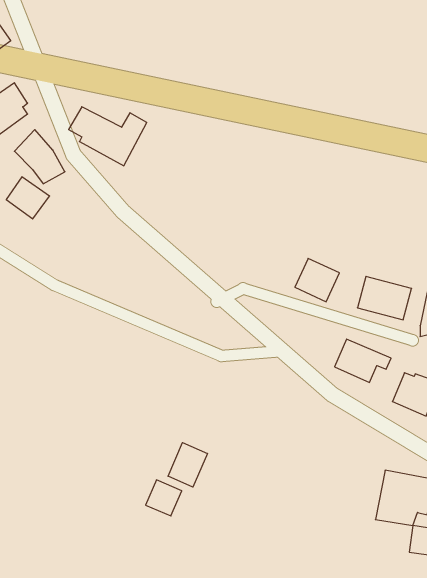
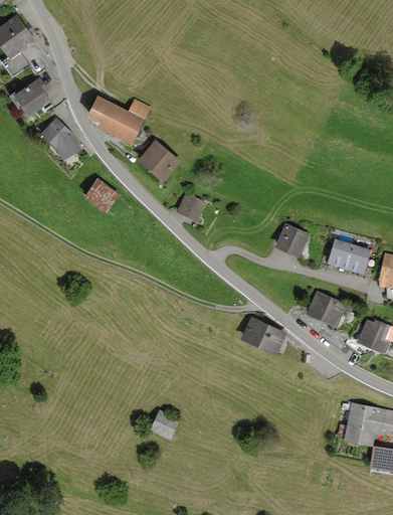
building: none -> [137,139,182,184]
building: [6,177,50,219] -> [84,179,121,214]
building: none -> [177,193,207,221]
building: none -> [241,317,287,357]
building: [168,443,207,487] -> none

